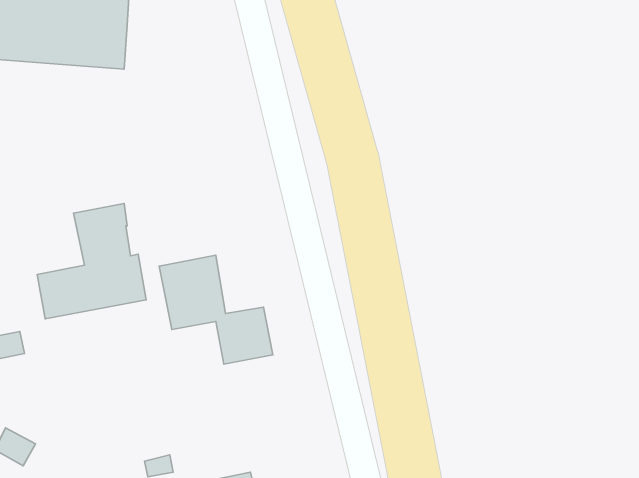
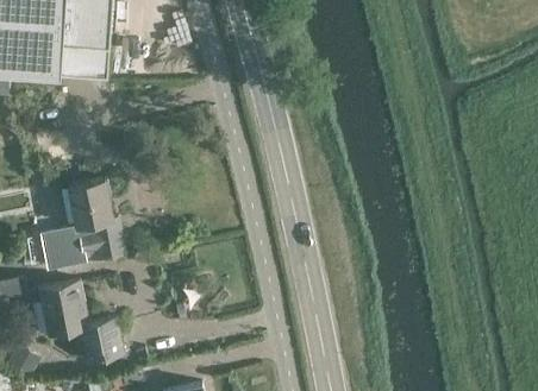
building: [159,255,273,364] -> [38,280,124,362]

